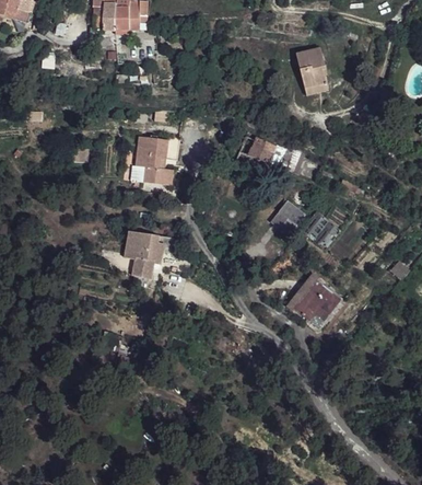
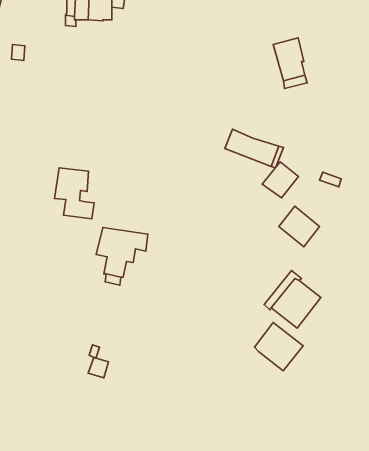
building: [134,135,173,184] -> [55,168,94,219]
building: [270,199,305,234] -> [262,162,298,198]
building: none -> [255,322,303,371]

